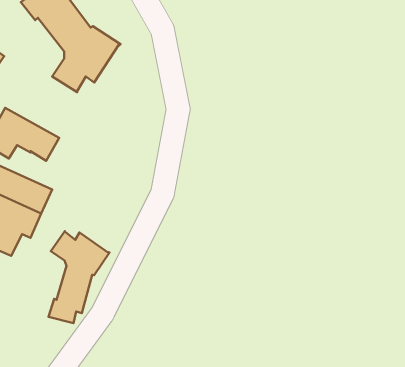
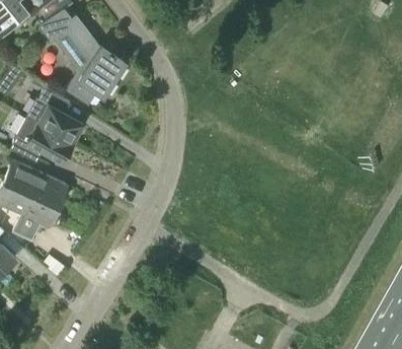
building: none -> [27,84,83,142]
building: [49,231,109,323] -> none

